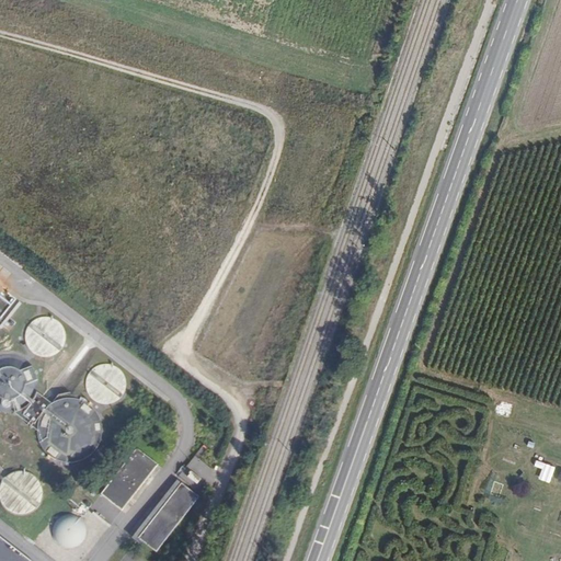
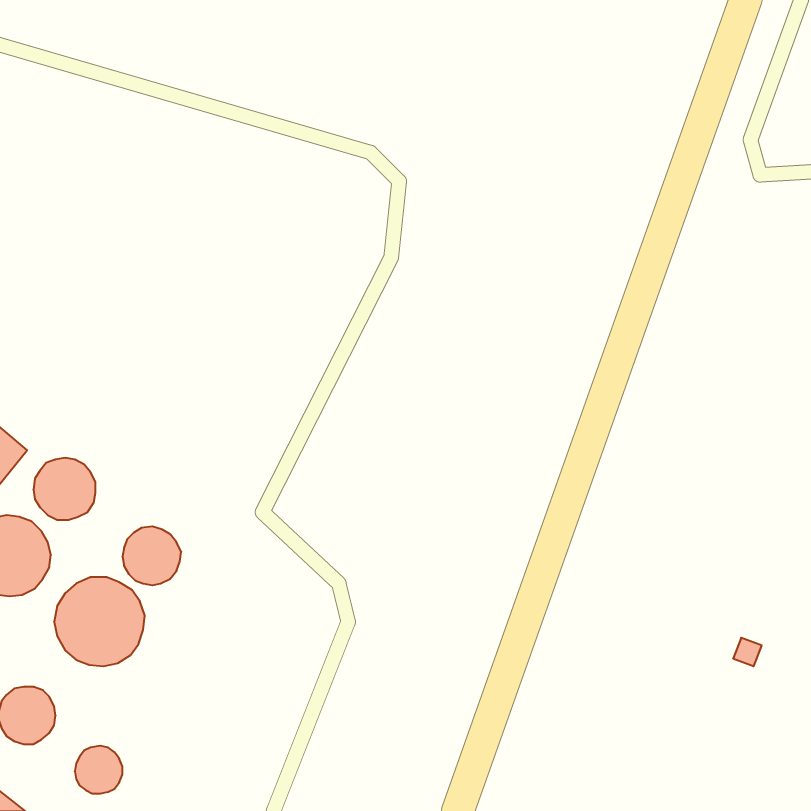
building: [100,448,156,510] -> none
building: [136,483,196,551] -> none

